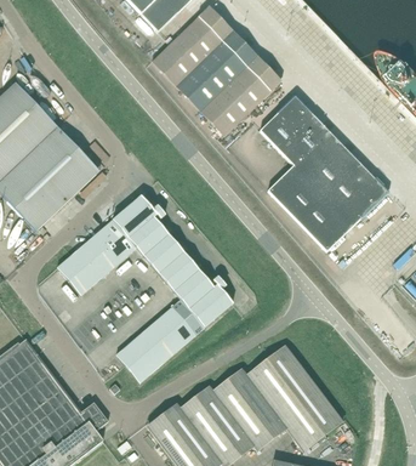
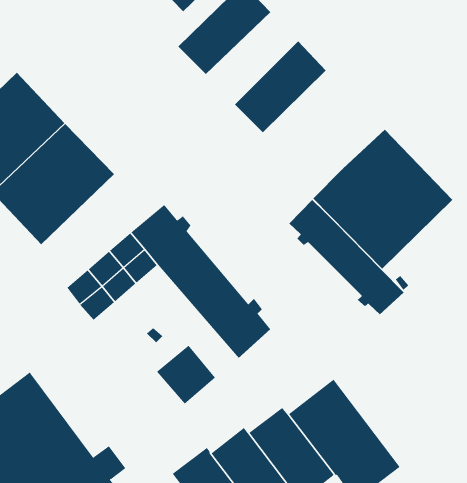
building: [177,32,256,110] -> none
building: [260,96,330,165] -> none
building: none -> [289,199,404,315]
building: [163,300,205,343] -> none
building: [116,339,159,382] -> none

